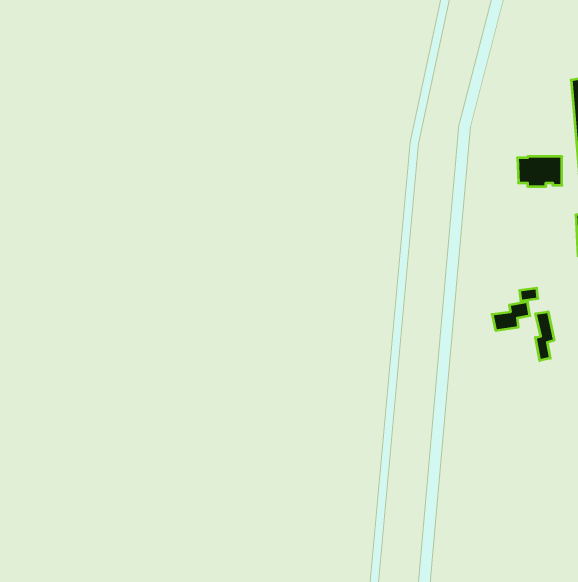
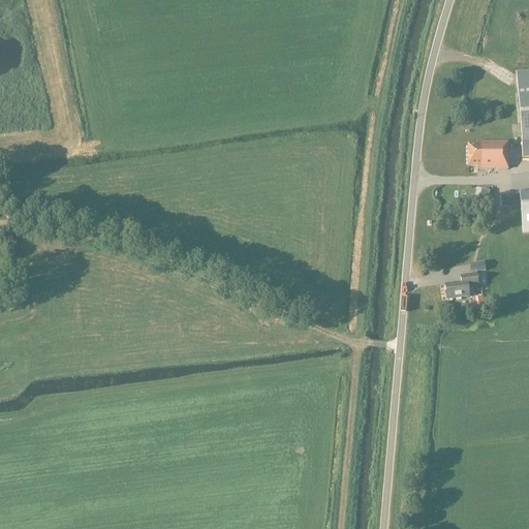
building: [535,312,554,361] -> none

